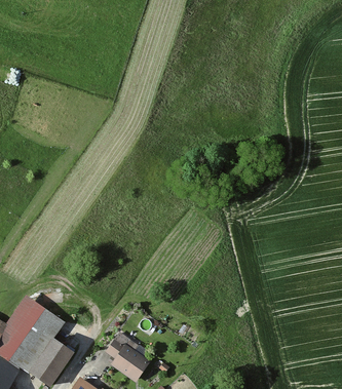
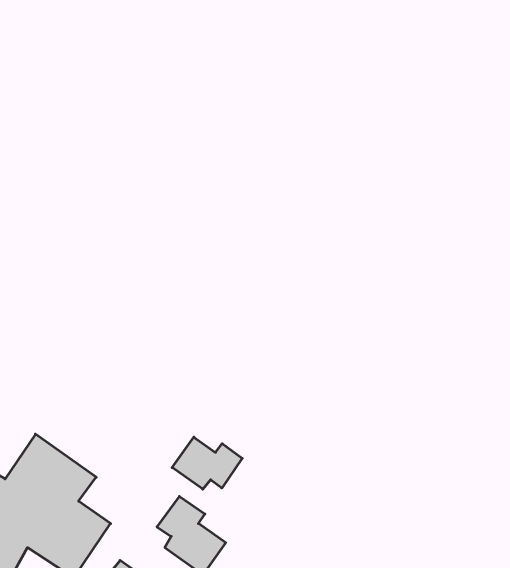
building: none -> [172,437,242,489]

